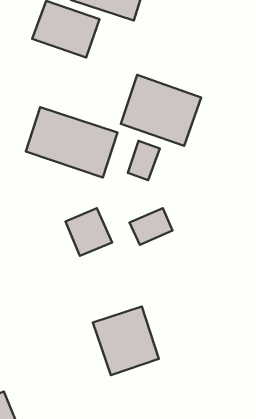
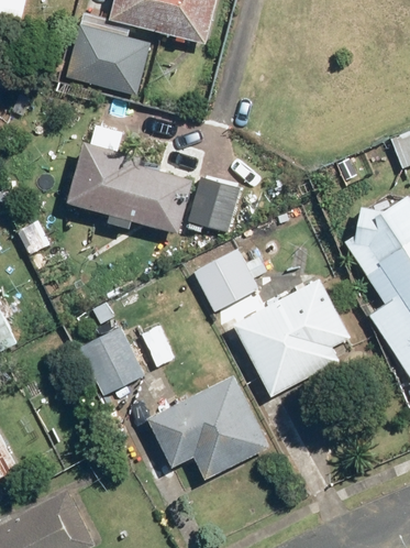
building: [121,75,201,146] -> none
building: [65,208,112,256] -> [81,333,140,393]
building: none -> [239,299,342,384]

